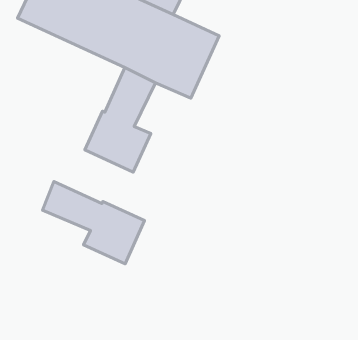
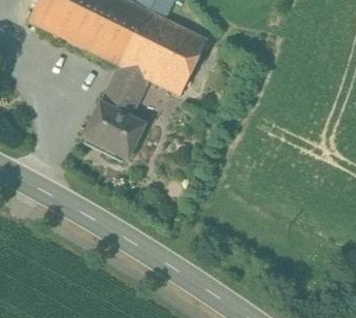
building: [43,182,144,264] -> none

